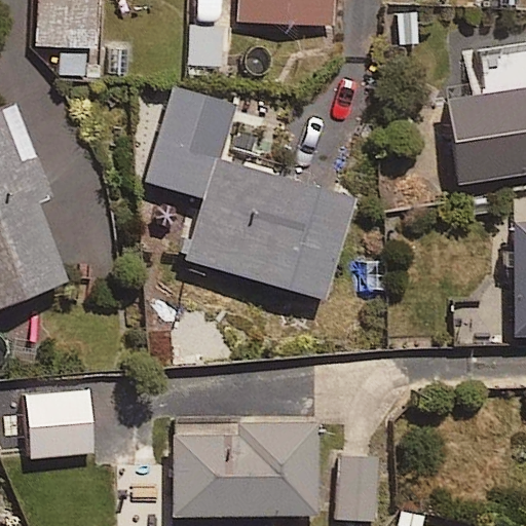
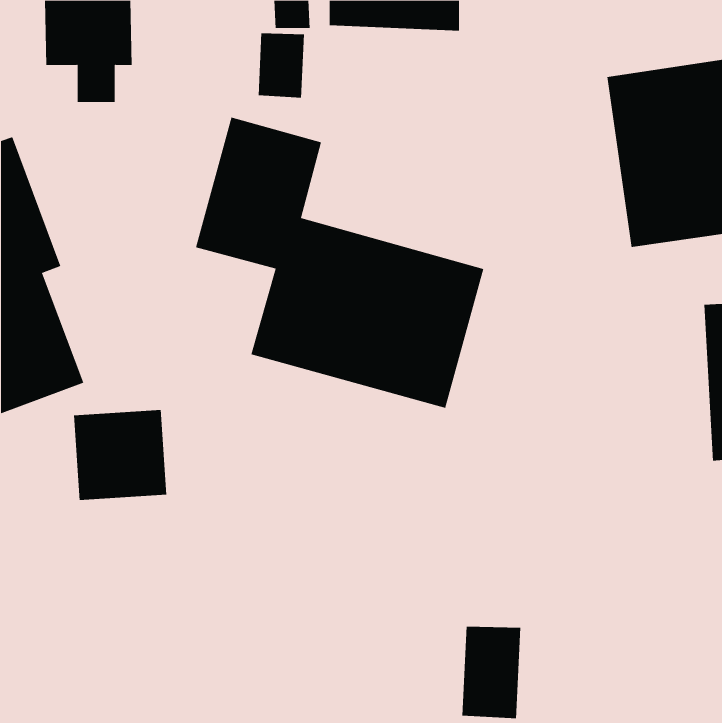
building: [26,391,93,457] -> [73,409,167,501]
building: [173,422,317,516] -> none

